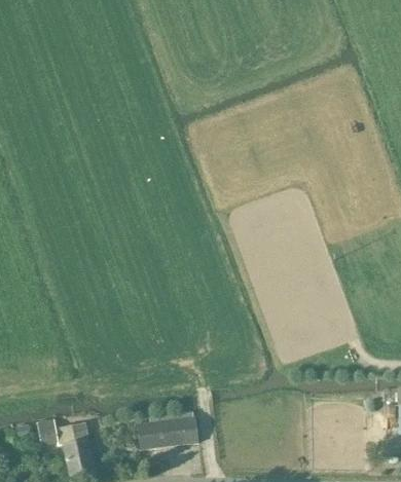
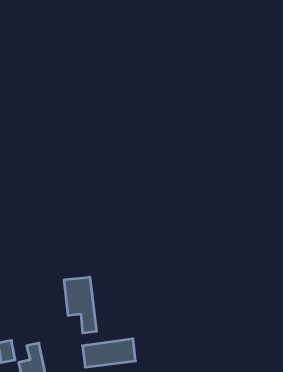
building: none -> [64,277,96,333]

